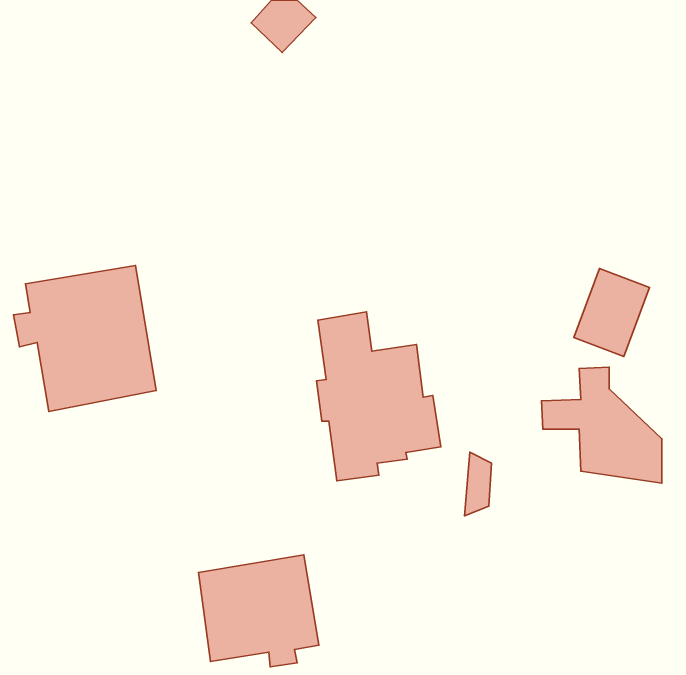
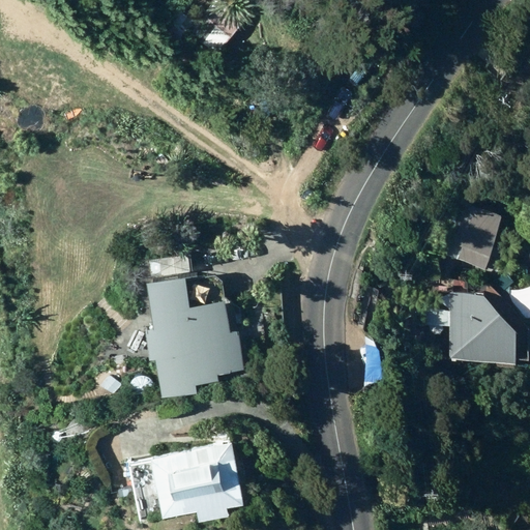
building: [14,265,156,411] -> none
building: [317,312,441,481] -> [148,264,243,393]

